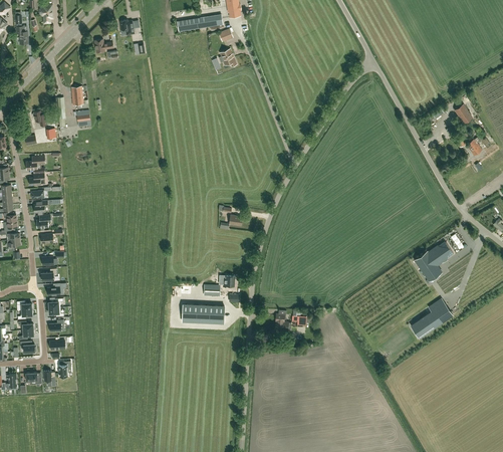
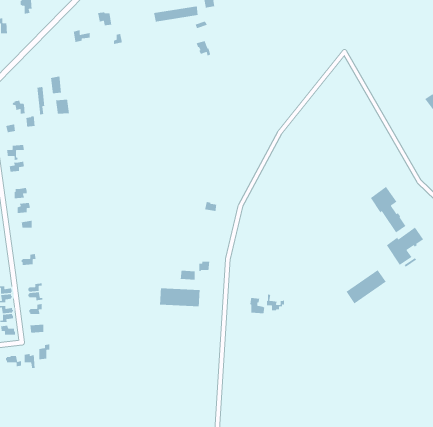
building: none -> [370,186,406,233]
building: [411,301,453,337] -> [345,269,387,304]

